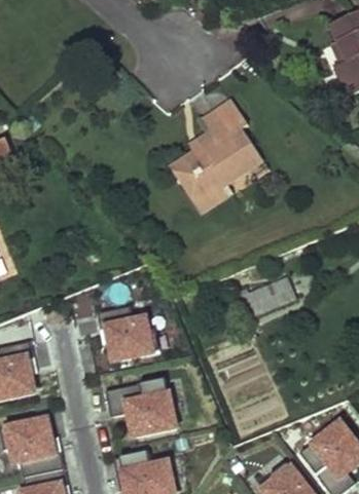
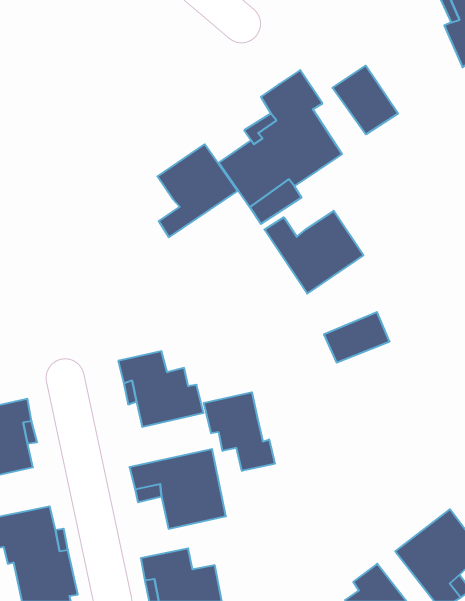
building: none -> [332,66,398,134]
building: none -> [157,144,238,237]
building: none -> [264,211,363,294]
building: none -> [204,392,275,471]

